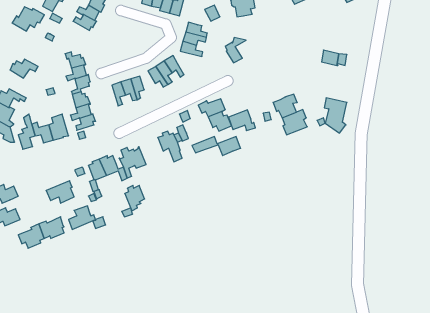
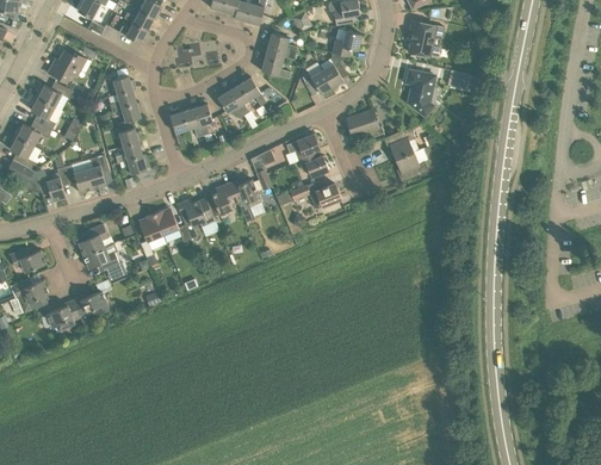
building: [12,7,44,31] -> [47,50,89,82]
building: none -> [408,20,445,58]
building: none -> [332,29,360,56]
building: none -> [174,42,217,69]
building: none -> [300,62,330,94]
building: none -> [30,95,61,130]
building: [324,98,347,133] -> [405,69,435,116]
building: [228,110,255,131] -> [347,110,383,137]
building: [125,185,145,211] -> [211,185,237,218]
building: [69,206,96,229] -> [78,224,113,255]

